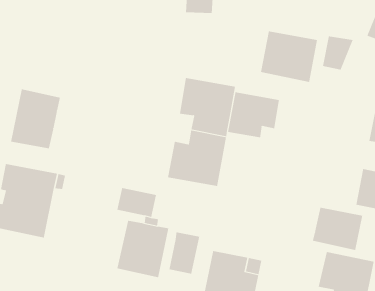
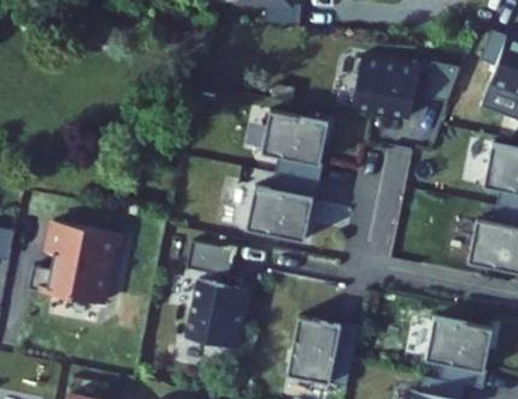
building: [11,89,61,149] -> none
building: [228,92,280,138] -> none
building: [312,207,363,251] -> none
building: [169,232,200,274] -> none

